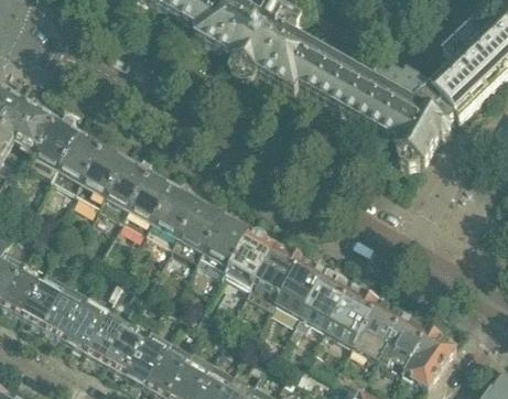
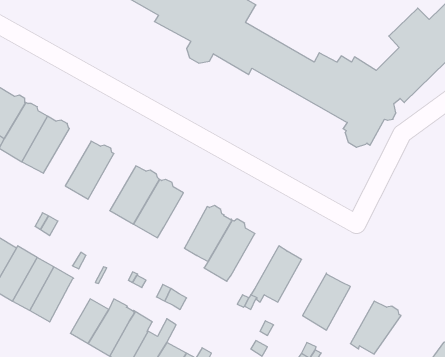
building: [75,144,126,205] -> none
building: [122,171,173,231] -> none
building: [203,213,249,274] -> none
building: [274,255,325,314] -> none
building: [324,283,376,343] -> none
building: [82,303,129,362] -> none
building: [376,312,426,373] -> none

